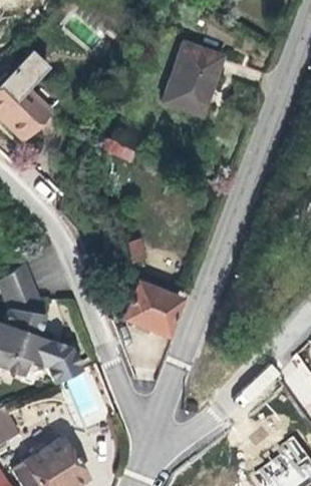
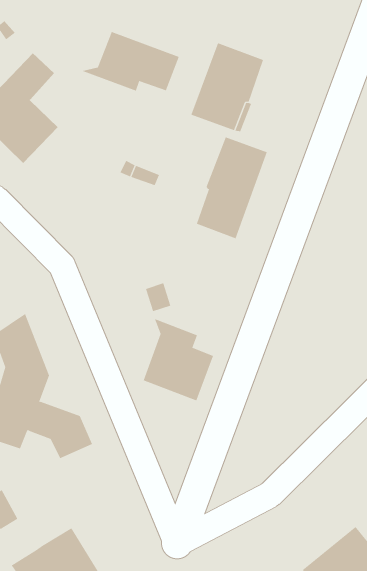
building: none -> [81,31,179,91]
building: none -> [196,136,268,239]

